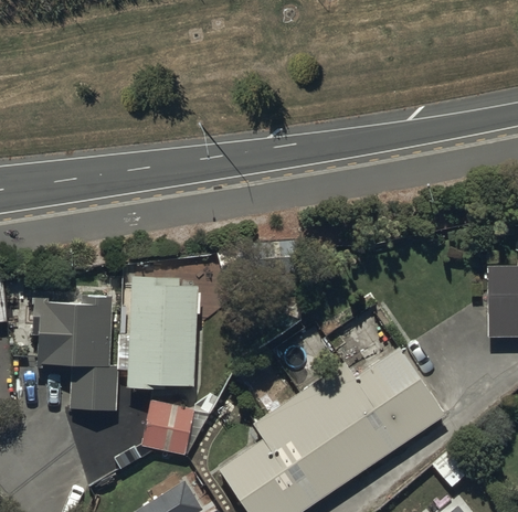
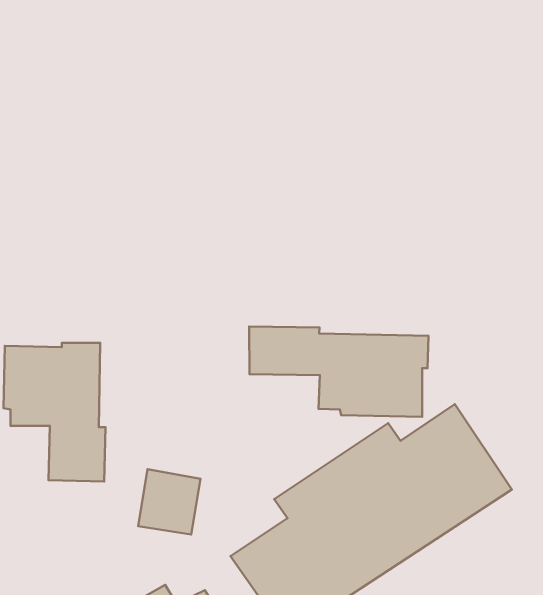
building: [119,277,197,391] -> none
building: none -> [249,326,428,417]

